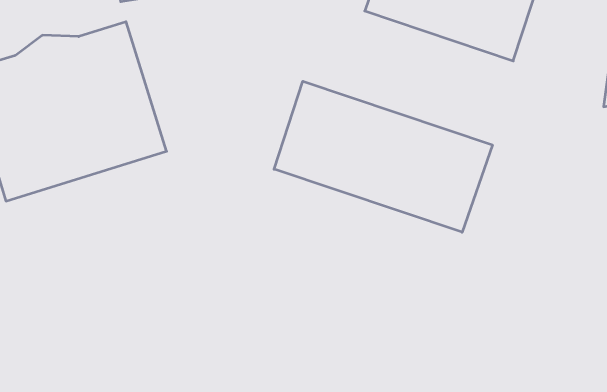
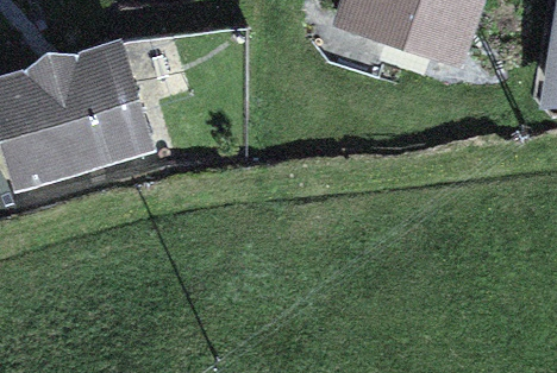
building: [274,81,492,232] -> none

